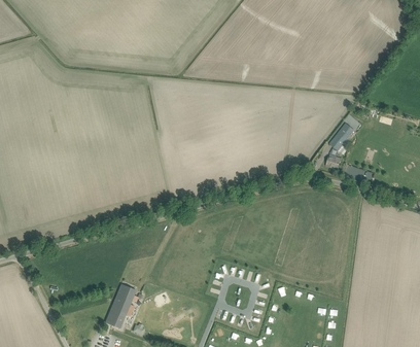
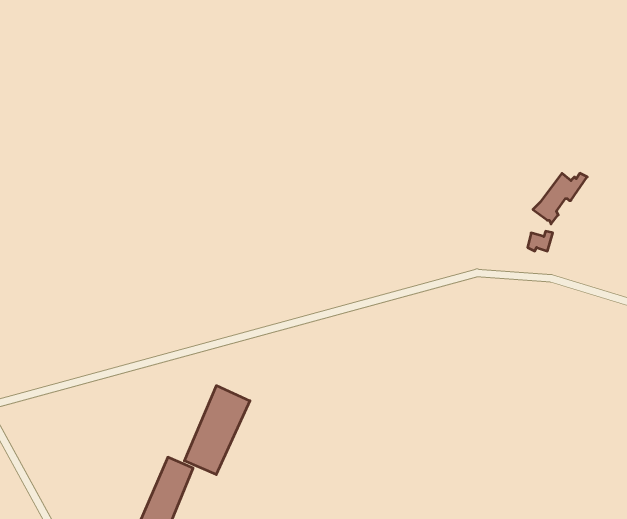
building: none -> [184,386,250,475]

